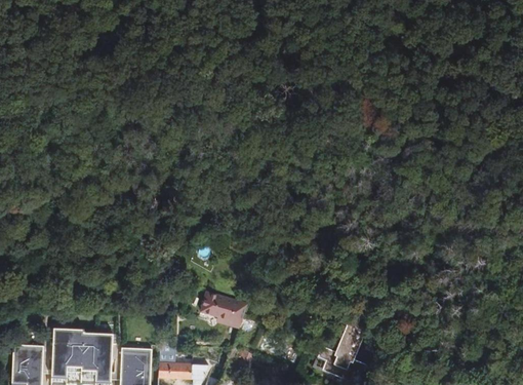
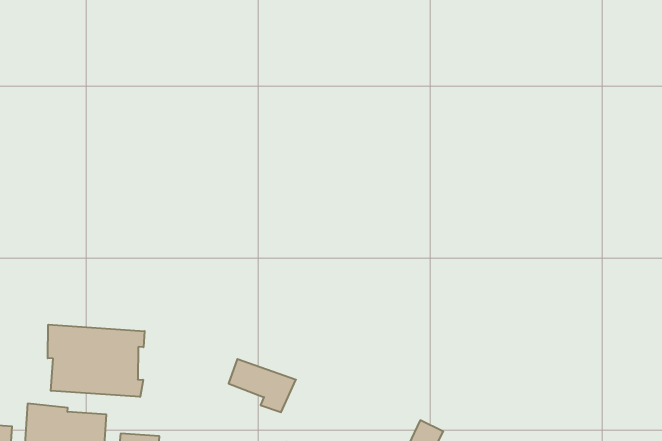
building: none -> [48,325,145,397]

